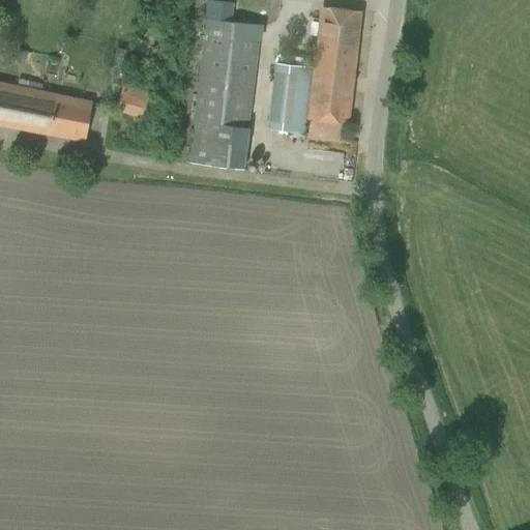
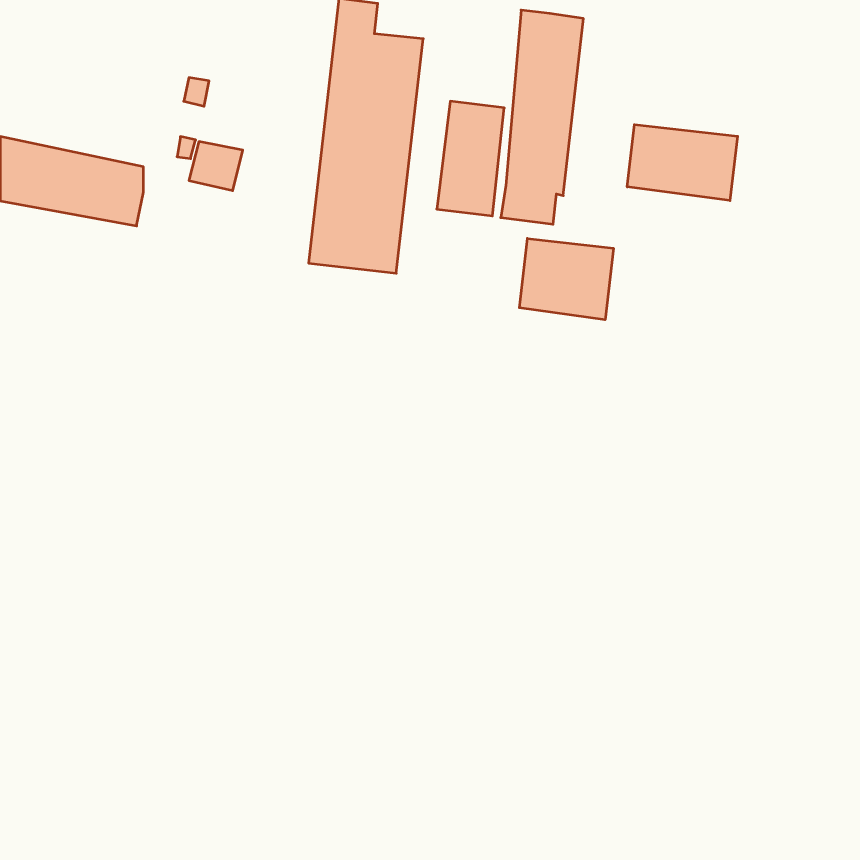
building: none -> [627,125,738,201]
building: none -> [519,238,613,320]

